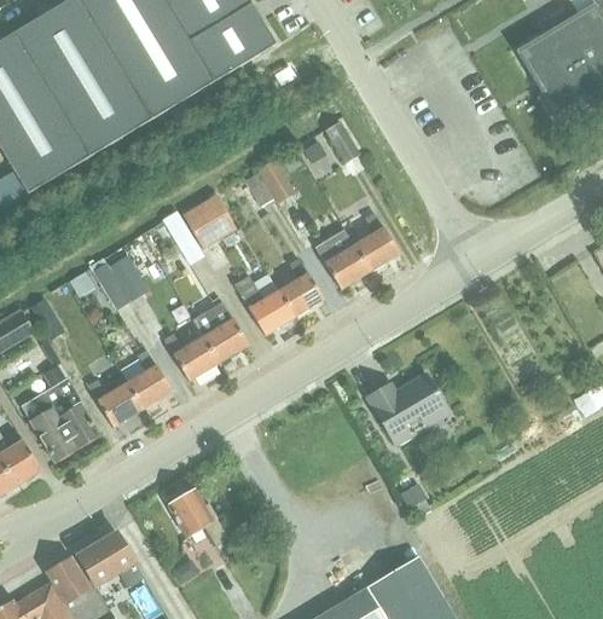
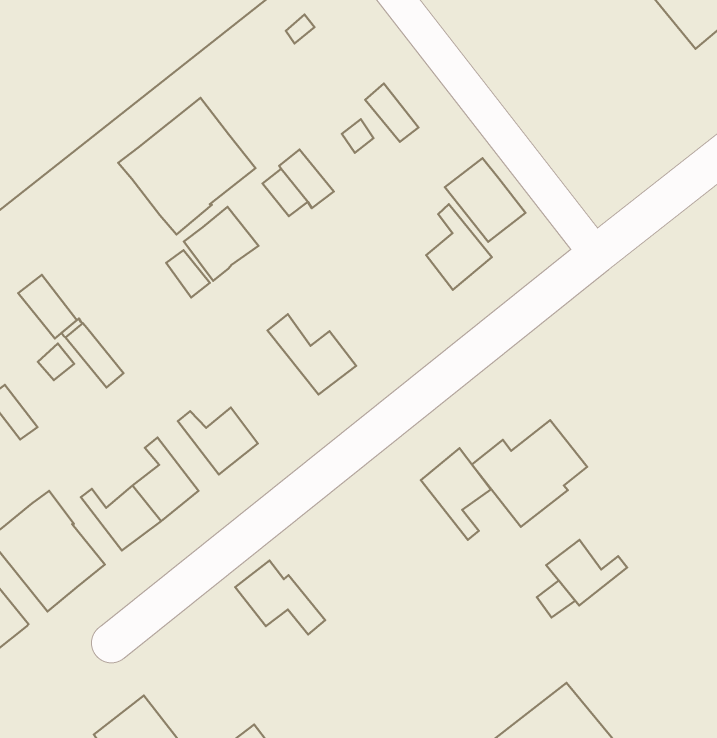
building: none -> [118,98,255,235]
building: [314,230,369,289] -> [445,158,526,242]
building: [108,255,146,301] -> [18,275,77,338]
building: [278,259,323,317] -> none
building: [193,303,249,363] -> none
building: none -> [421,448,491,540]
building: none -> [546,540,627,605]
building: [168,491,228,546] -> [235,560,325,635]

